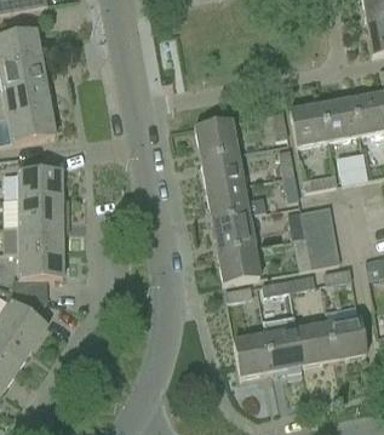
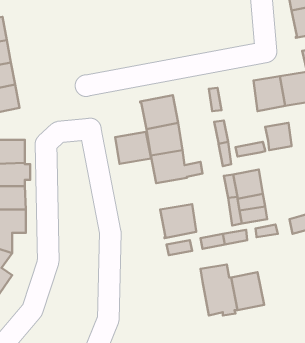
building: [290,103,328,144] -> none
building: [212,214,253,251] -> [115,132,151,164]
building: [328,317,366,360] -> none
building: [234,333,273,377] -> none

